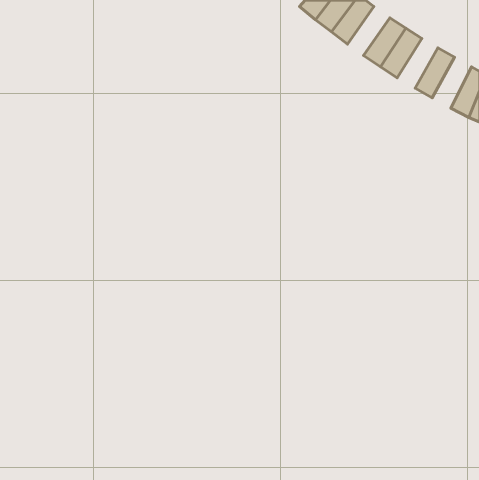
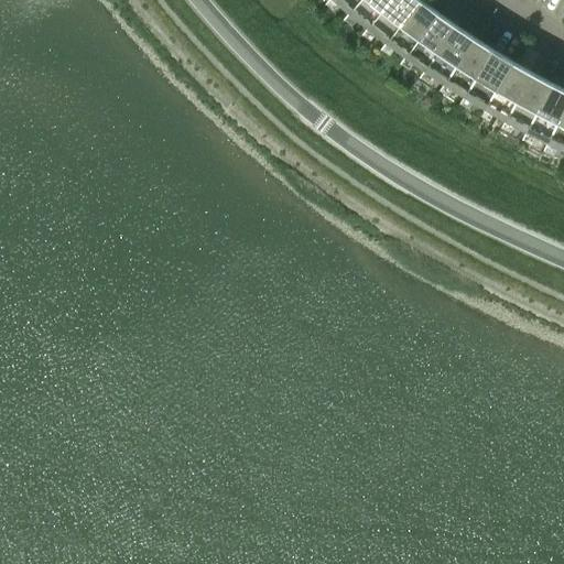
building: none -> [409,8,458,65]
building: none -> [467,45,514,104]
building: none -> [508,67,554,127]

